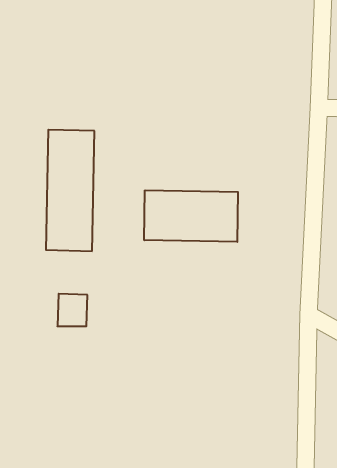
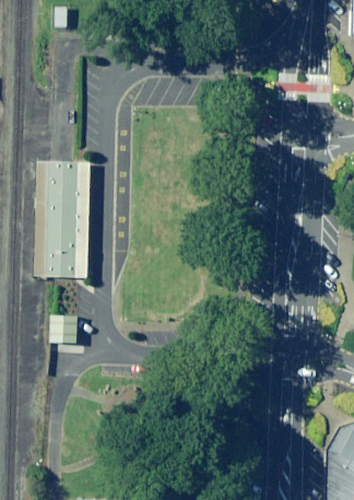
building: [144,190,238,242] -> none

